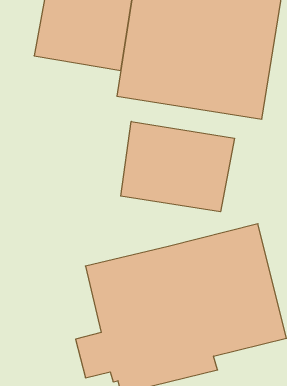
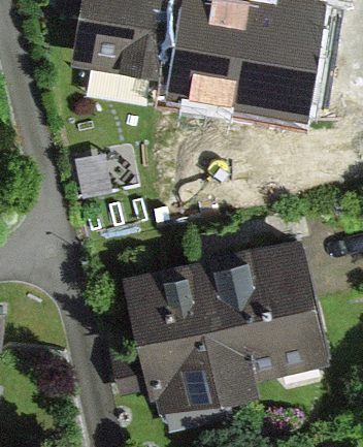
building: [121,121,234,212] -> none

